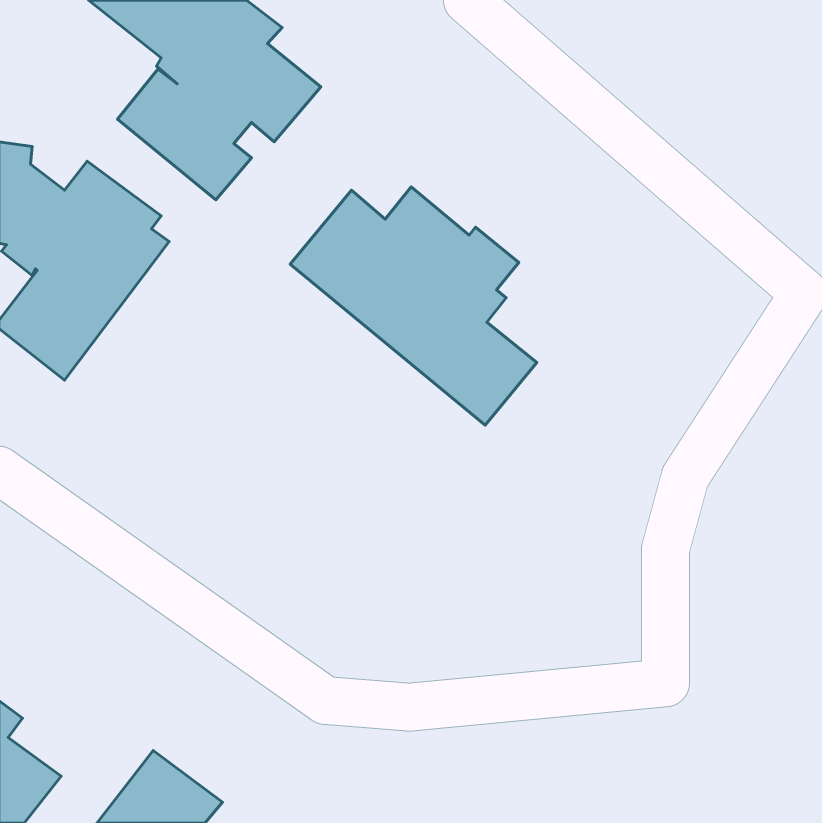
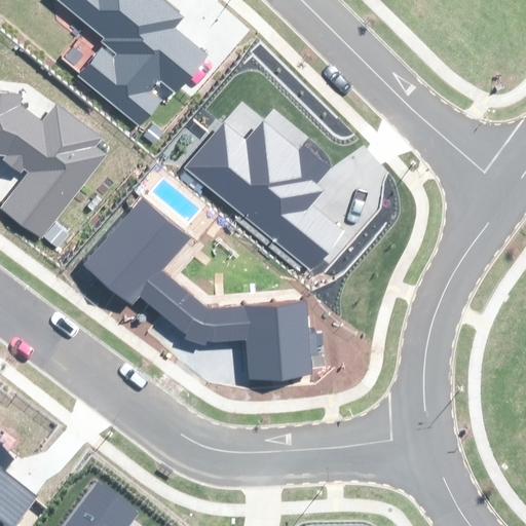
building: none -> [84,196,312,381]

